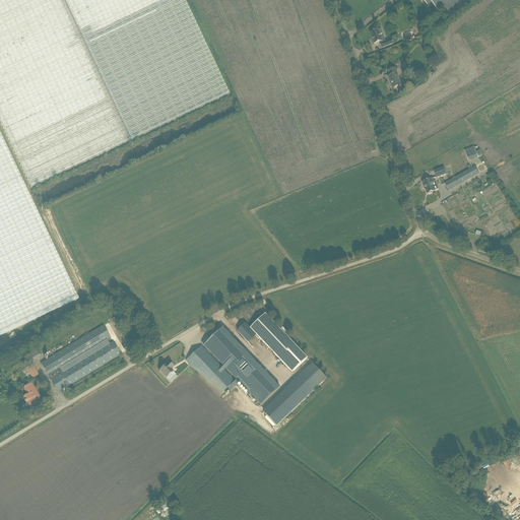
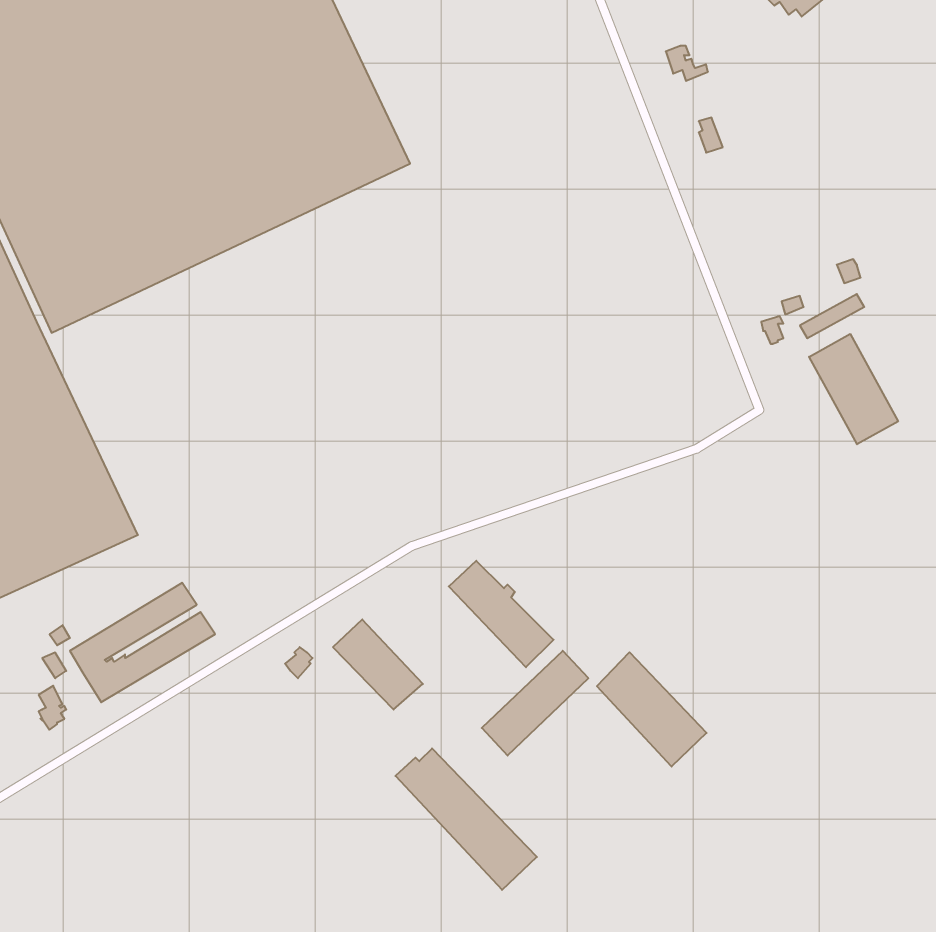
building: none -> [809,334,898,444]
building: [200,324,278,402] -> [395,748,537,890]
building: none -> [597,652,707,767]

